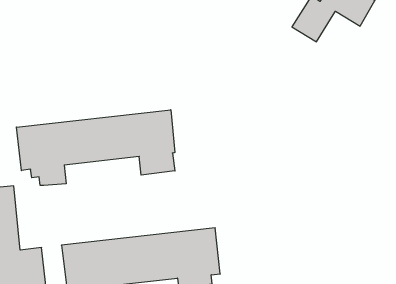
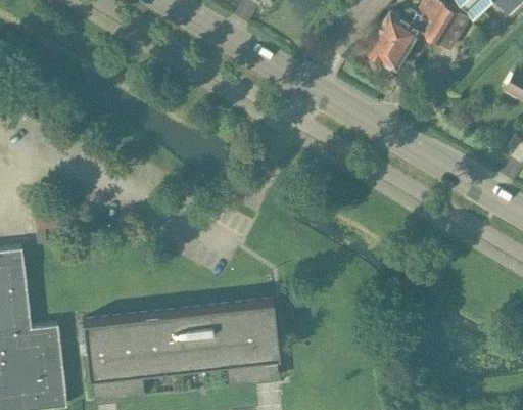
building: [16,110,175,185] -> none

